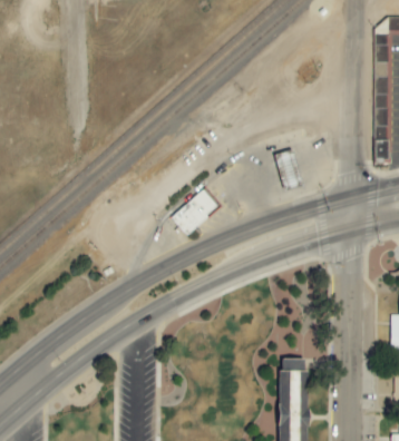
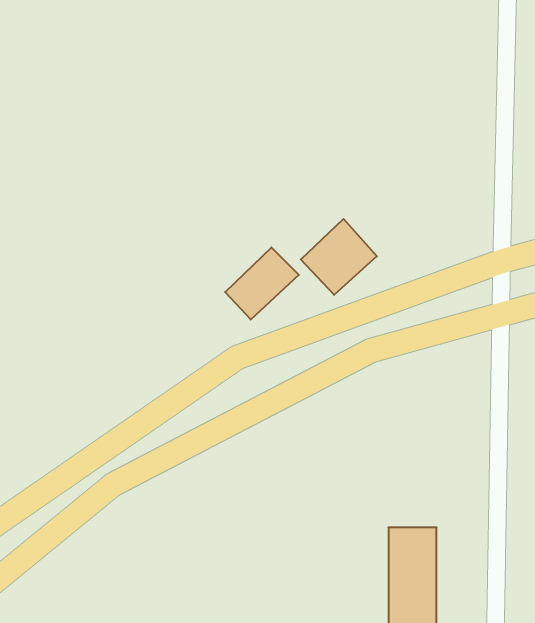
building: none -> [301,219,377,295]

